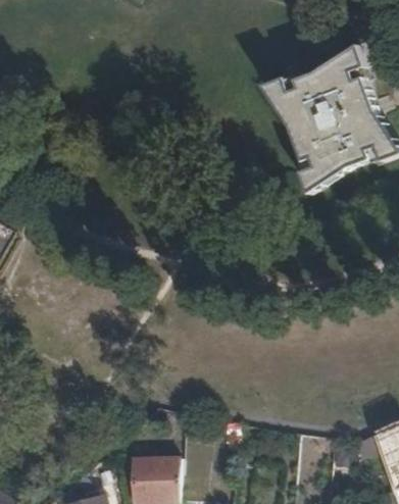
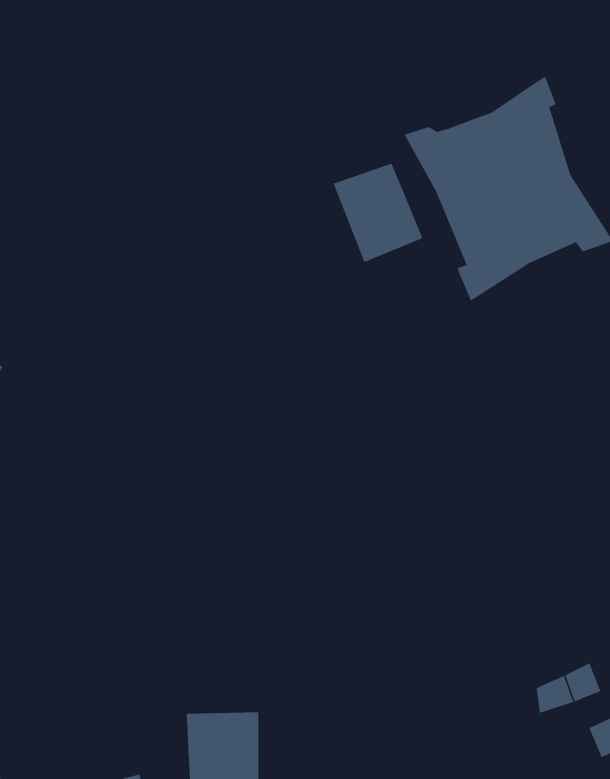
building: none -> [333,163,423,263]

